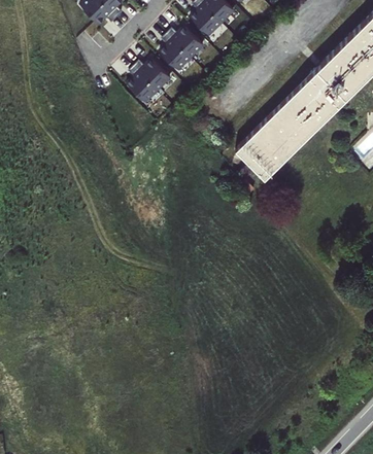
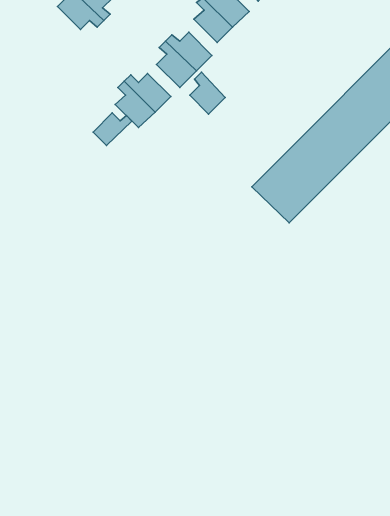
building: none -> [190,72,225,114]
building: none -> [93,113,132,145]

